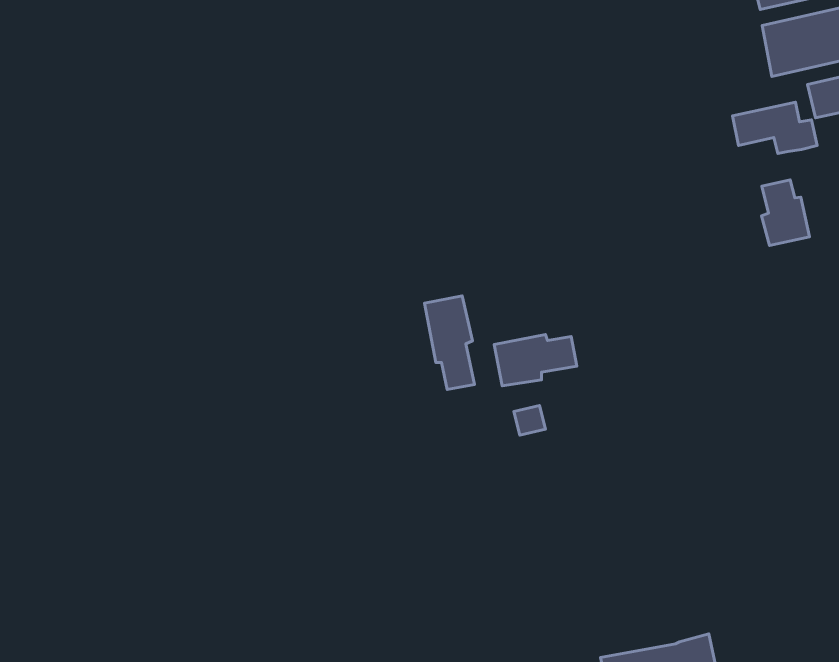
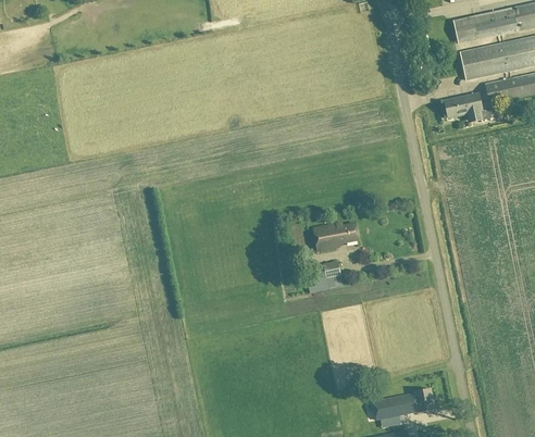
building: [761,180,809,246] -> none
building: [424,296,474,389] -> none

